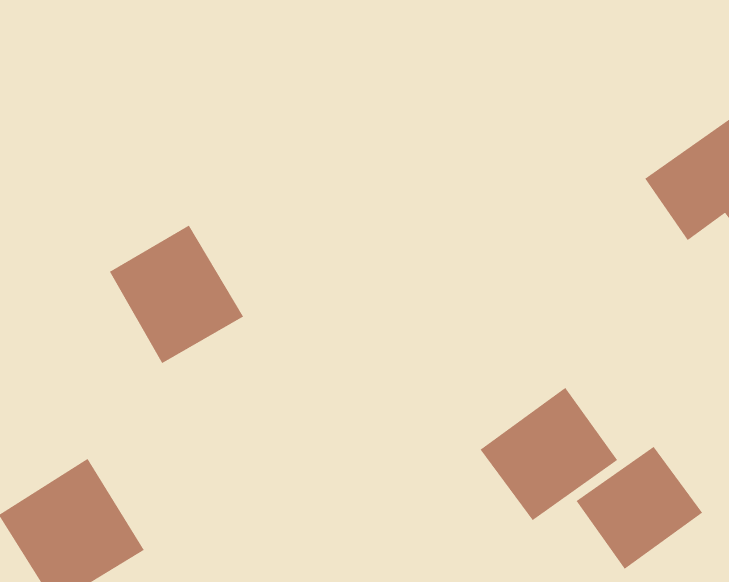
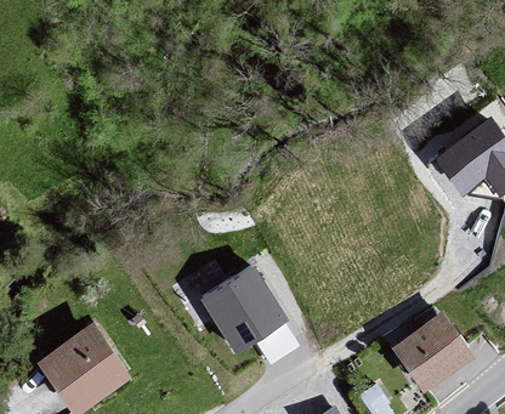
building: [109,224,244,364] -> [199,265,283,351]
building: [479,387,618,521] -> none

